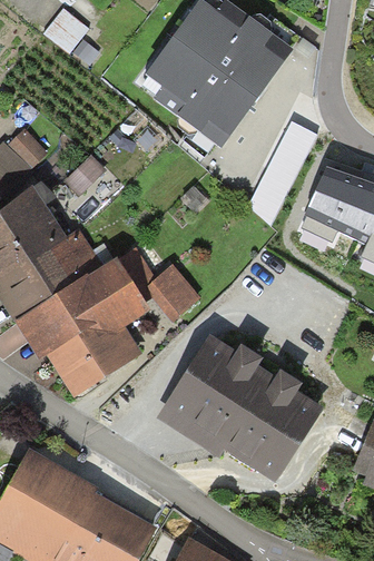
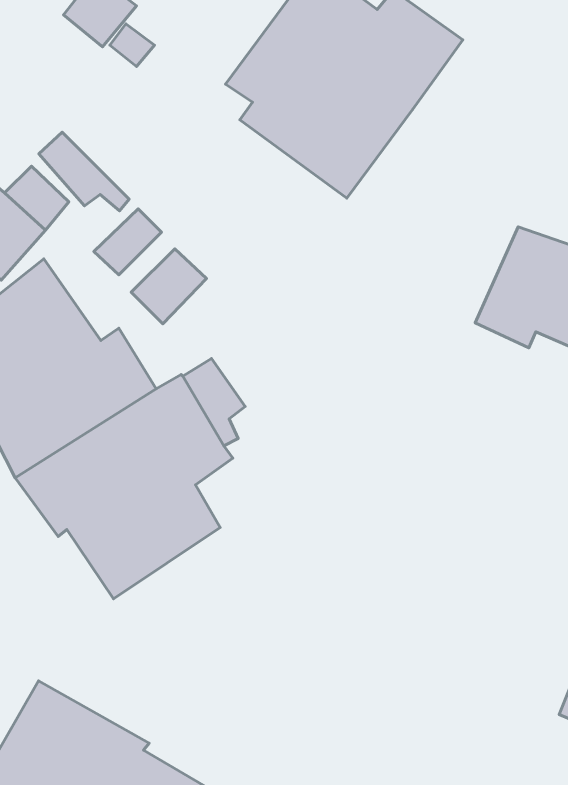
building: none -> [39,132,129,211]
building: [247,120,317,225] -> none
building: none -> [131,249,206,324]
building: [147,264,199,322] -> none
building: [156,334,324,483] -> none

